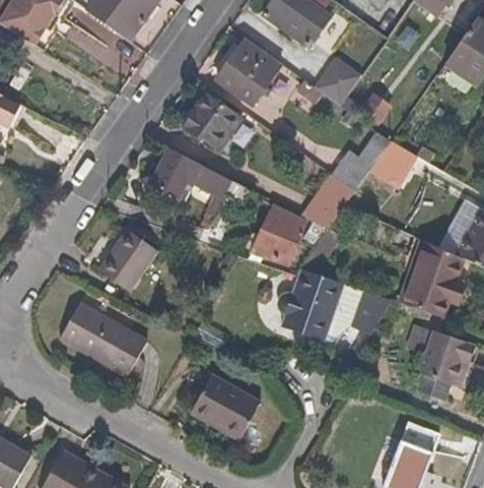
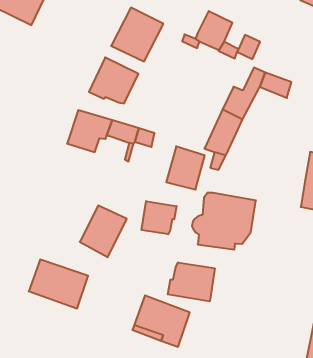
building: [97,230,156,292] -> [80,205,127,257]
building: none -> [142,201,177,234]
building: none -> [168,262,215,301]

